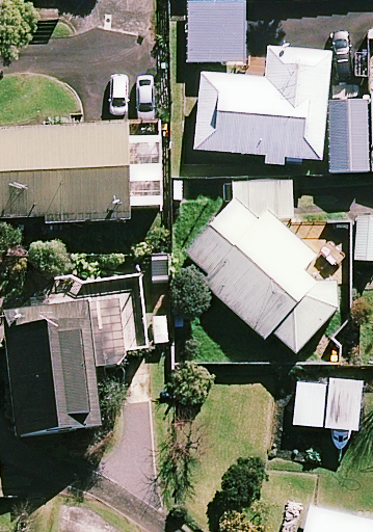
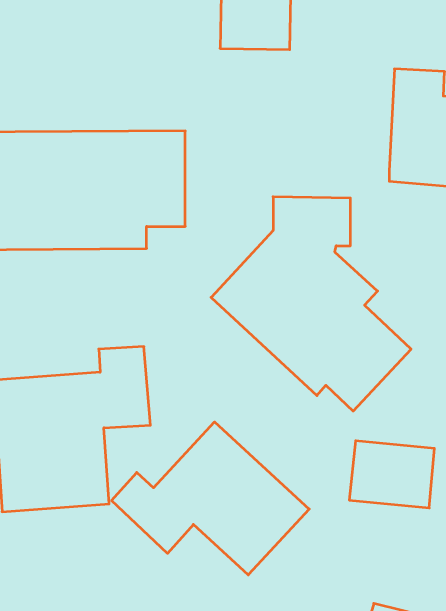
building: [197,47,330,163] -> none
building: none -> [112,422,309,575]

